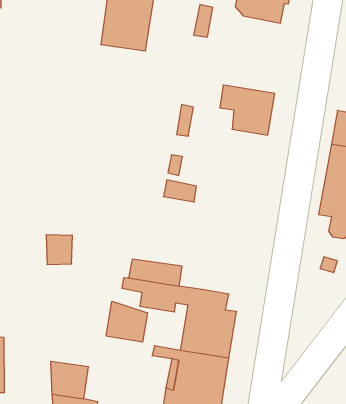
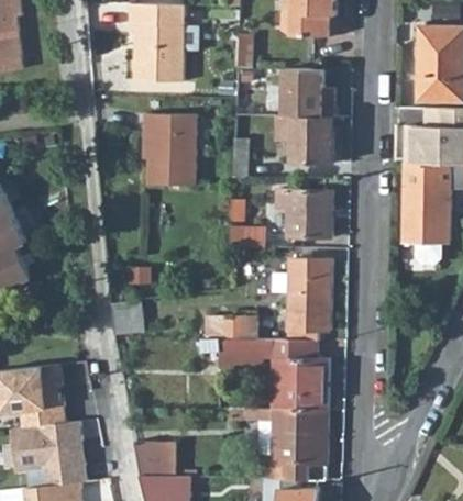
building: none -> [282,68,333,116]
building: none -> [144,113,197,185]
building: none -> [276,188,331,235]
building: none -> [287,258,329,341]
building: [106,301,147,342] -> none

